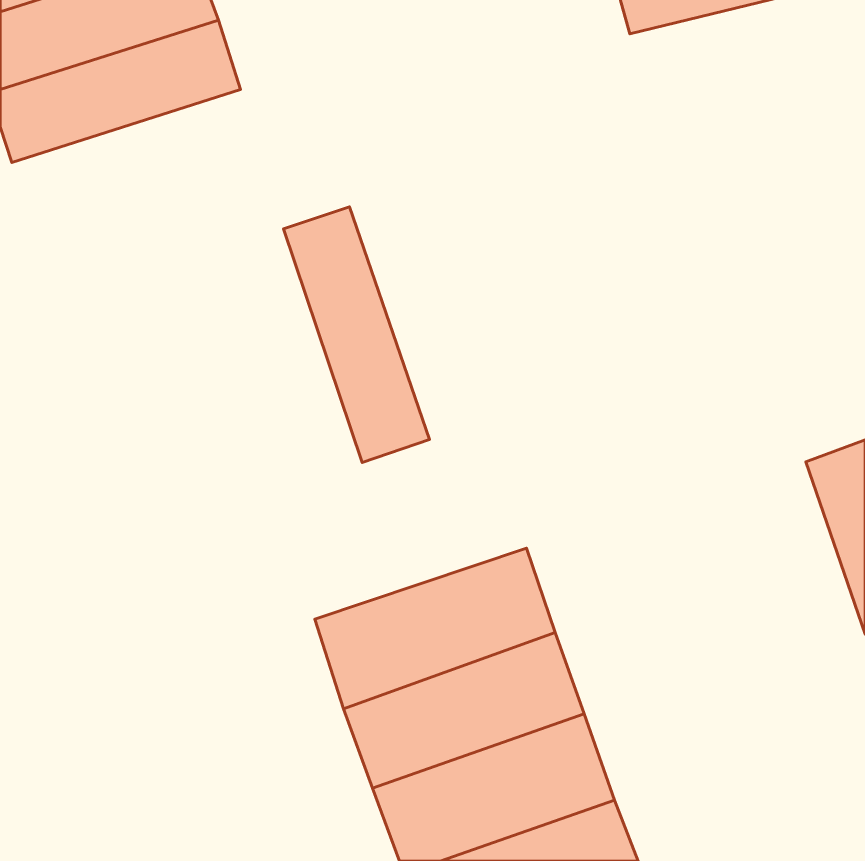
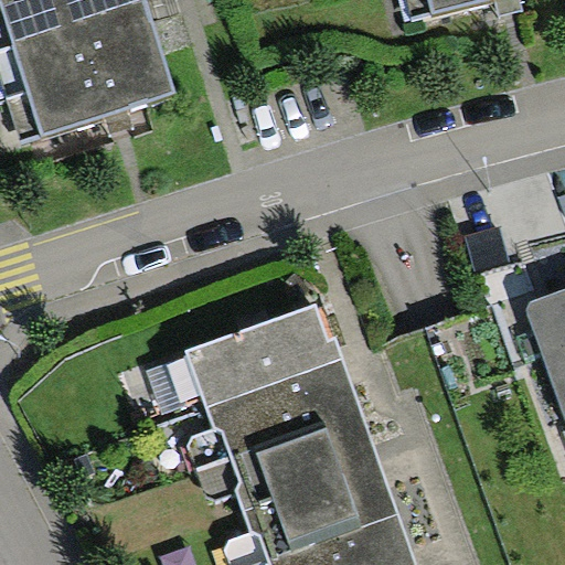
building: none -> [8,58,171,152]
building: [283,207,430,462] -> none
building: none -> [185,303,343,404]

